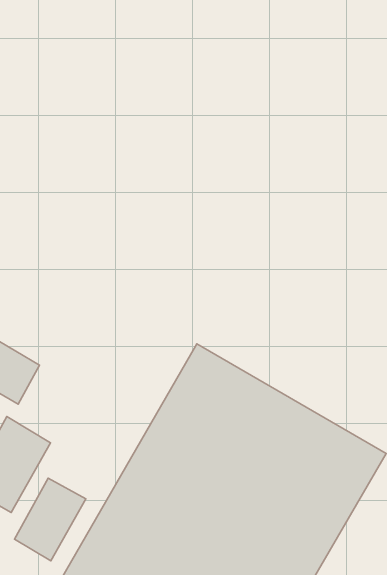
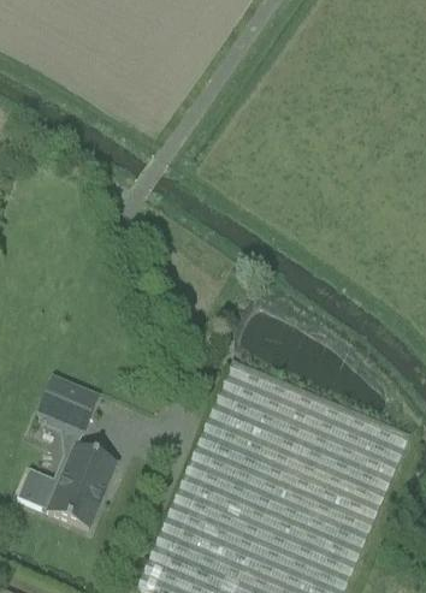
building: [15,478,86,561] -> none

